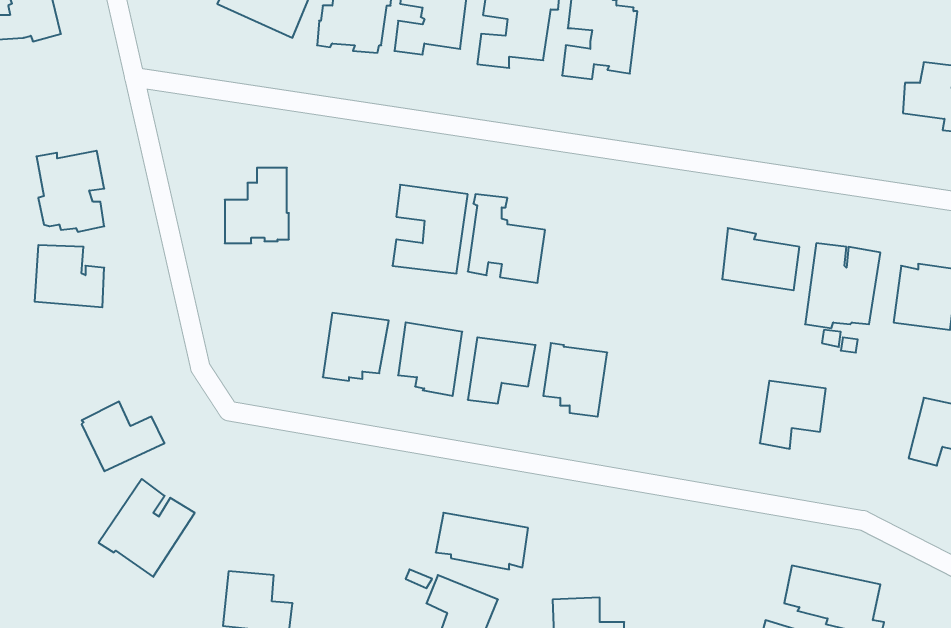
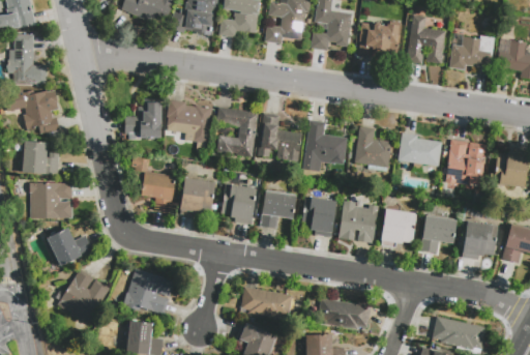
building: none -> [407,14,445,63]
building: none -> [358,22,401,59]
building: none -> [7,33,48,84]
building: none -> [449,35,495,69]
building: none -> [166,99,212,153]
building: none -> [304,120,348,171]
building: none -> [356,126,392,167]
building: none -> [134,156,177,211]
building: none -> [31,183,73,217]
building: none -> [338,200,379,242]
building: none -> [381,209,417,247]
building: none -> [462,221,498,259]
building: none -> [125,268,176,315]
building: none -> [319,301,373,331]

